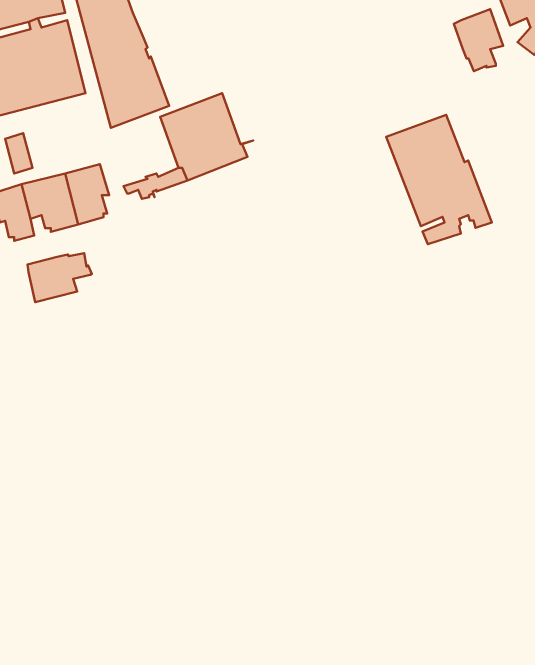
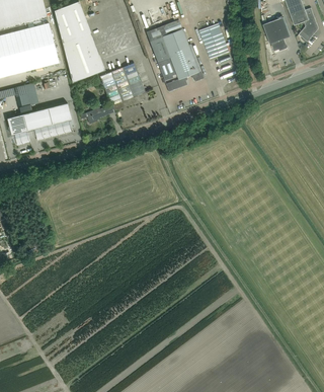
building: none -> [199,23,229,59]
building: [386,115,492,244] -> [146,19,205,91]
building: [28,253,92,302] -> none

